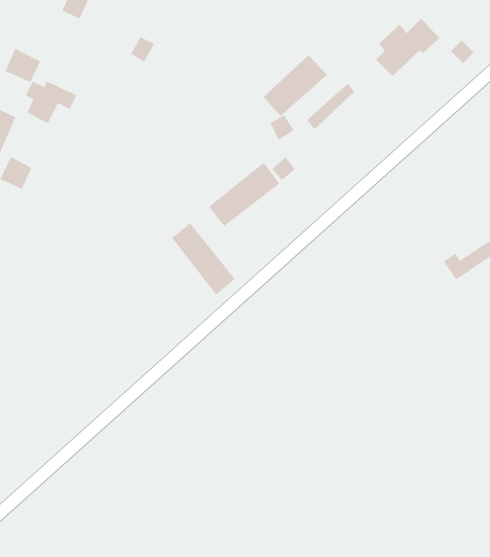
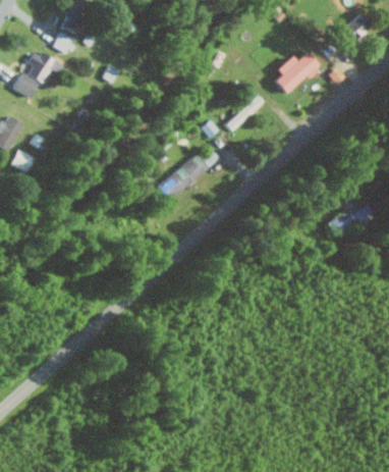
building: [263,55,328,117] -> none
building: [25,81,77,124] -> [26,52,63,83]
building: [171,223,236,296] -> none

